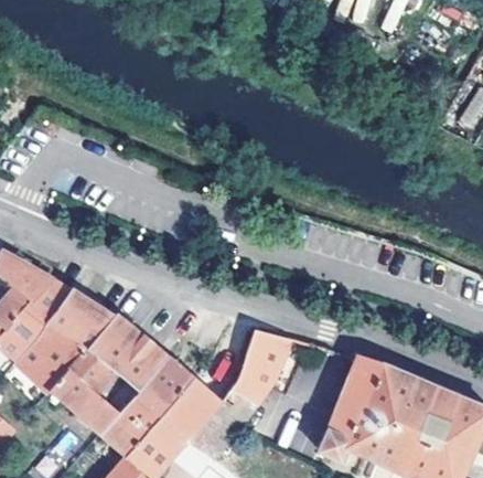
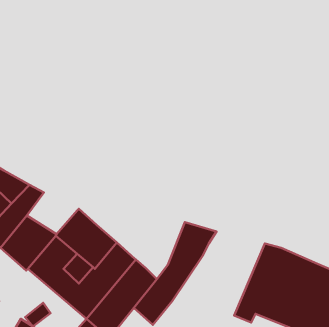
building: [50,289,115,343] -> none

